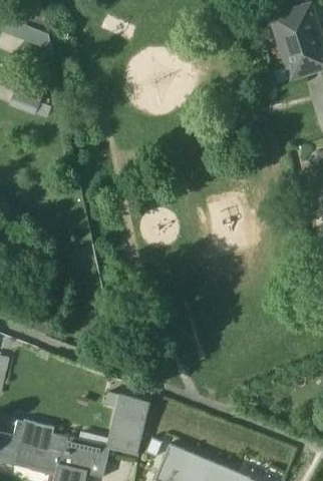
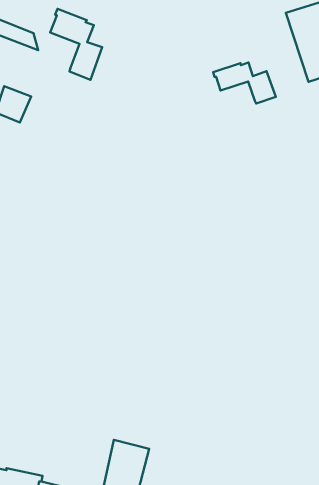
building: none -> [50,9,102,80]
building: none -> [213,62,276,103]

